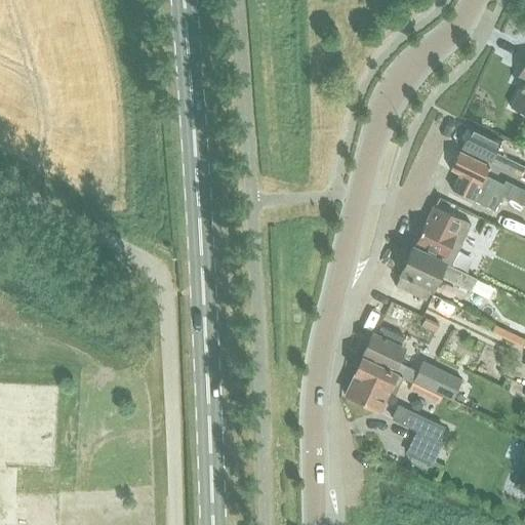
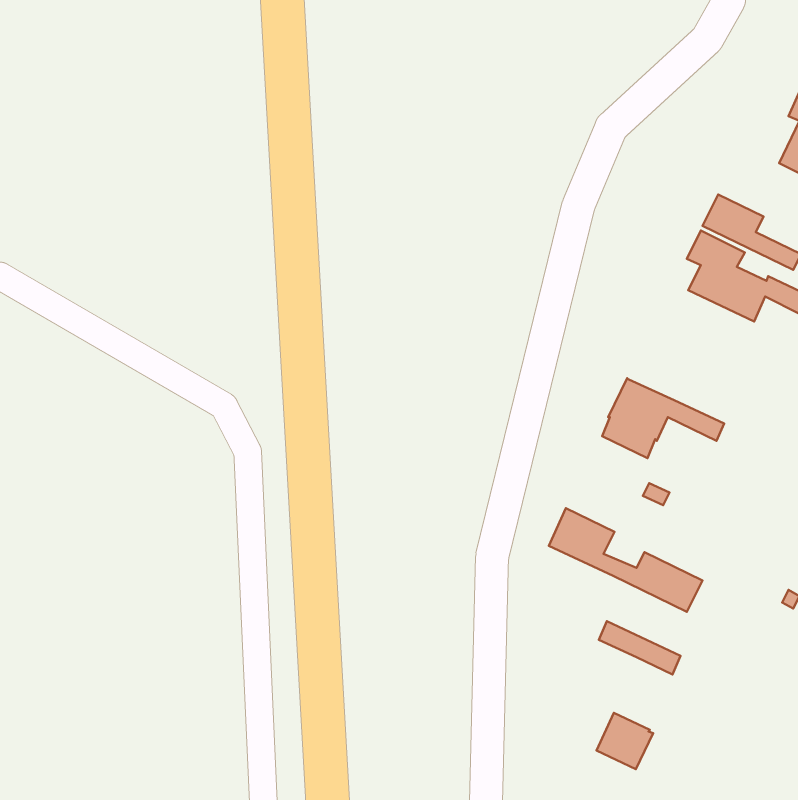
building: [413,206,471,262] -> none
building: [346,358,403,412] -> none
building: [407,431,444,468] -> [597,713,653,769]

